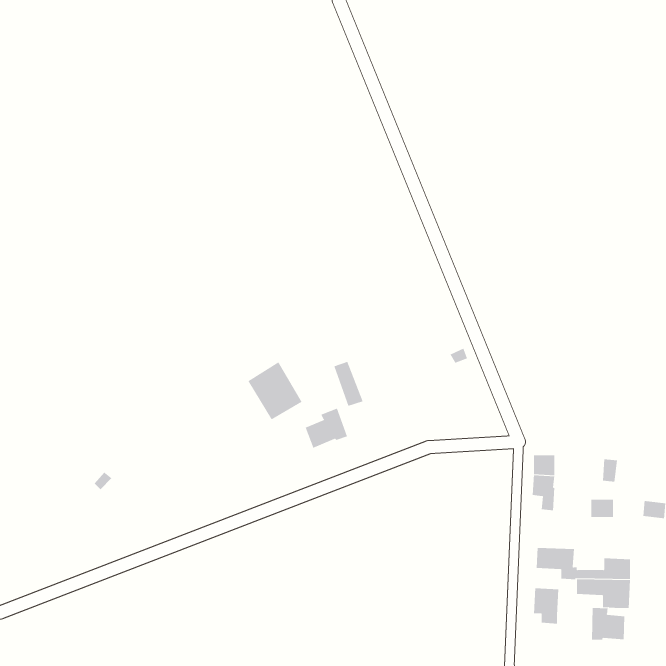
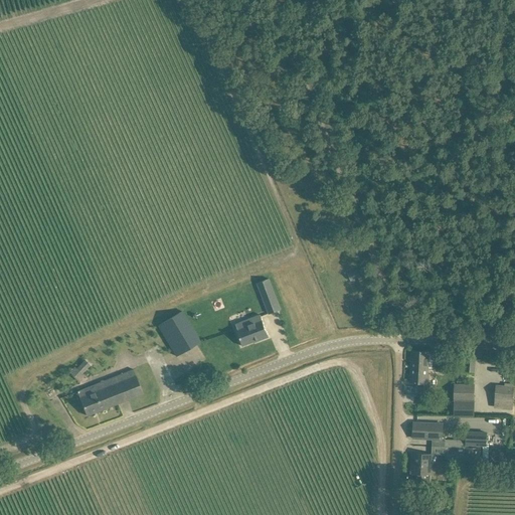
building: [248,362,302,420] -> [158,311,200,356]
building: none -> [77,369,143,415]
building: [592,607,625,640] -> none

